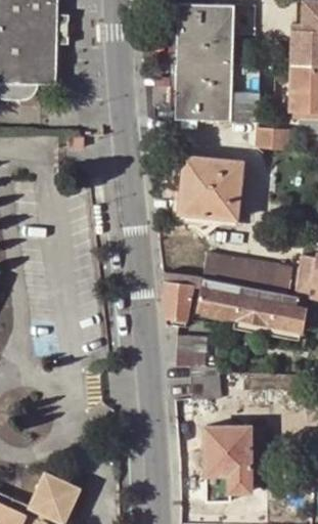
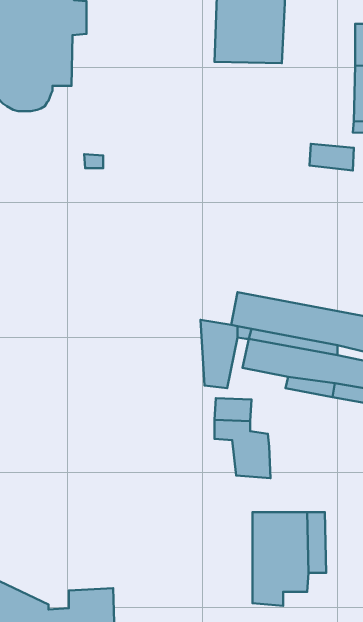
building: [172,61,258,122] -> none
building: [177,157,240,229] -> none

